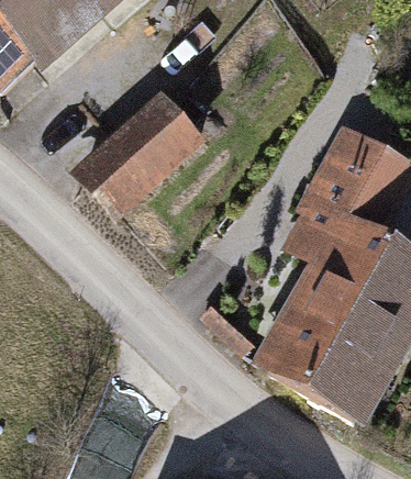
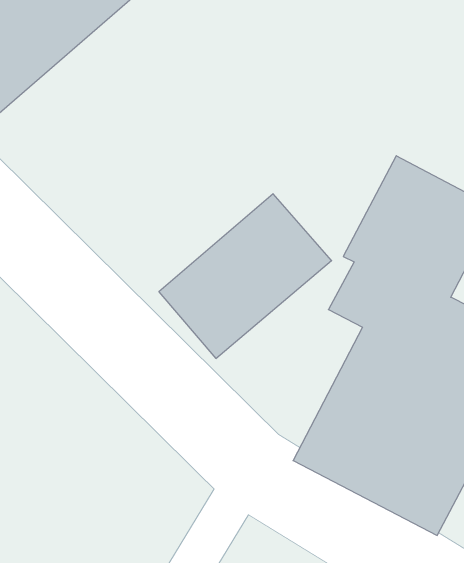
building: [67,93,207,226] -> [159,194,332,358]

